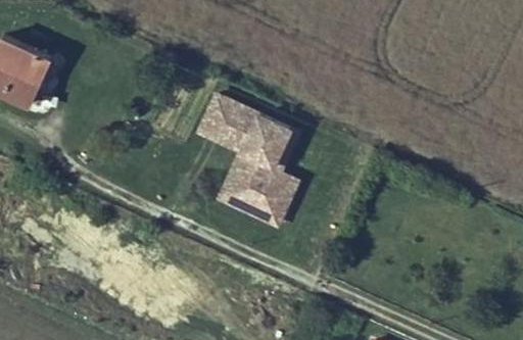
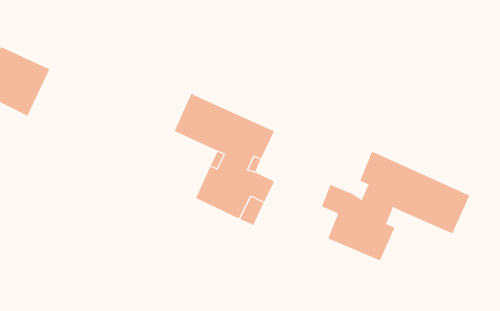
building: none -> [321,151,470,261]

